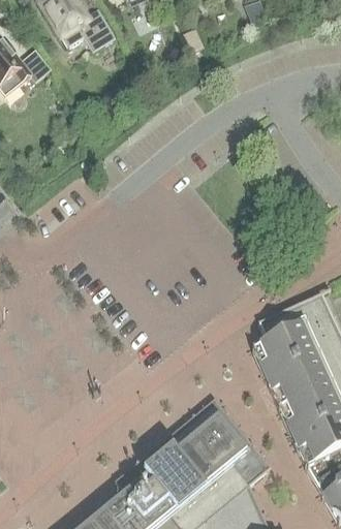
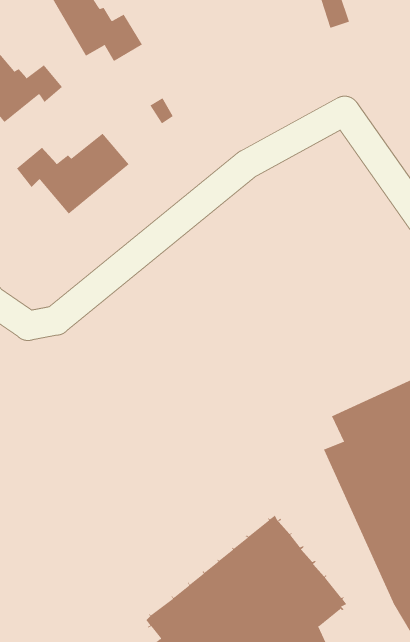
building: none -> [16,133,130,215]

